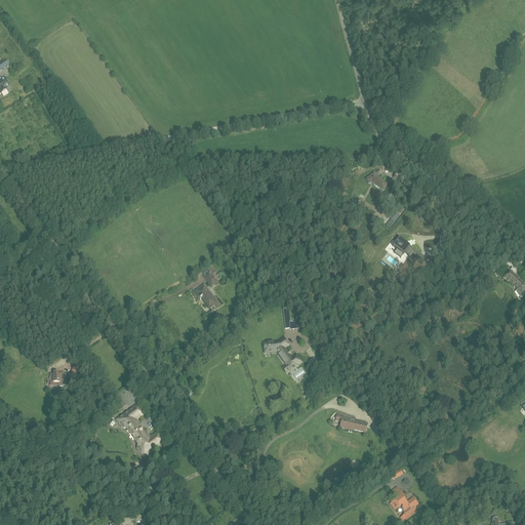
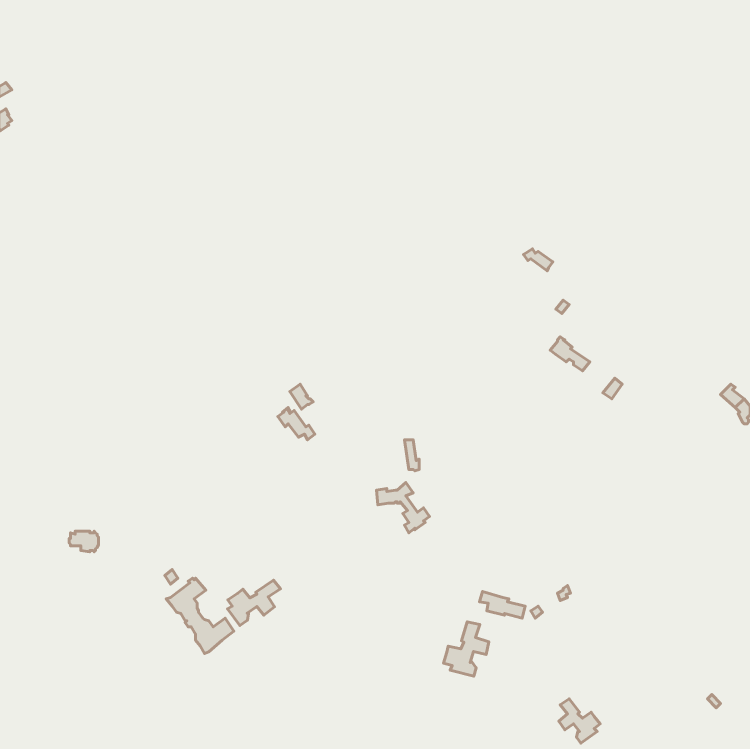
building: none -> [228,580,280,626]
building: none -> [444,622,489,676]

